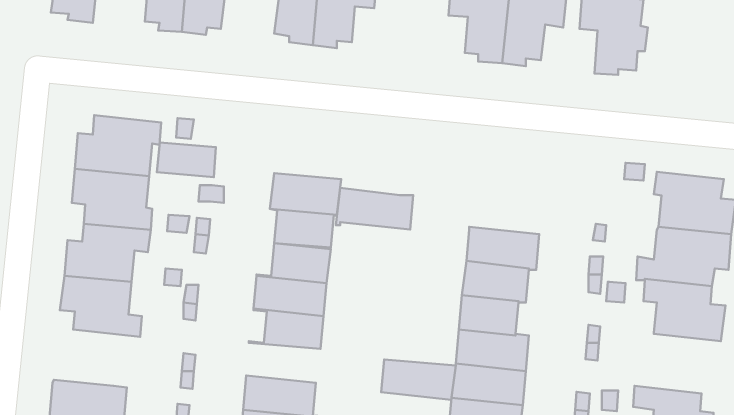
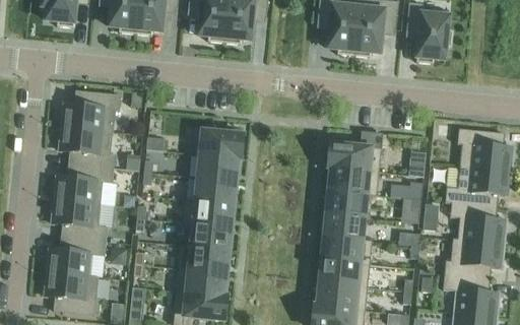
building: [157,142,216,177] -> none
building: [336,188,413,229] -> [328,142,381,171]
building: none -> [48,236,107,274]
building: none -> [444,238,503,279]
building: [381,360,456,400] -> [179,245,230,272]

